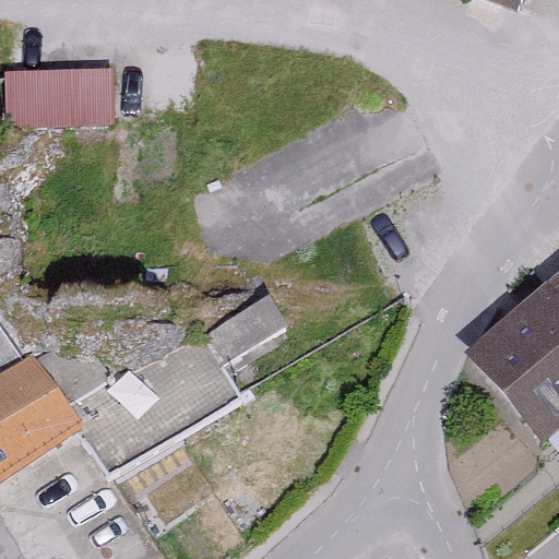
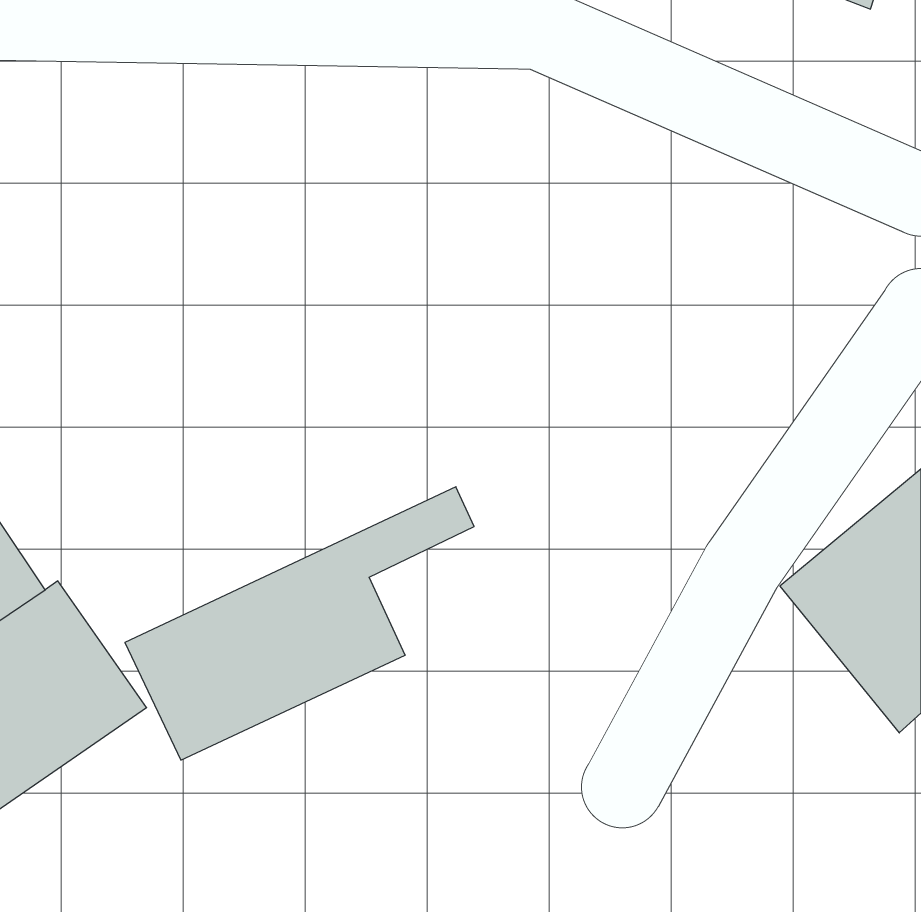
building: [11,73,109,123] -> none

